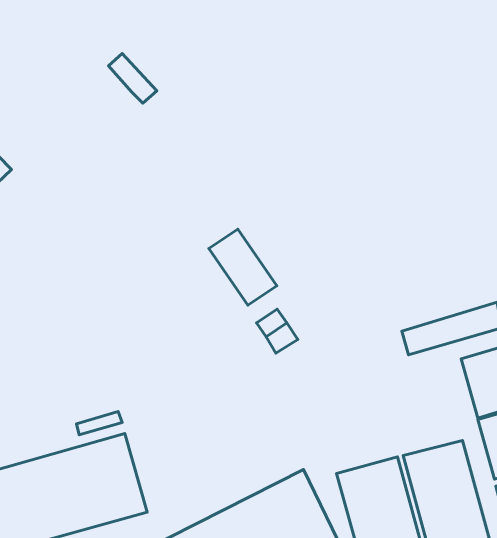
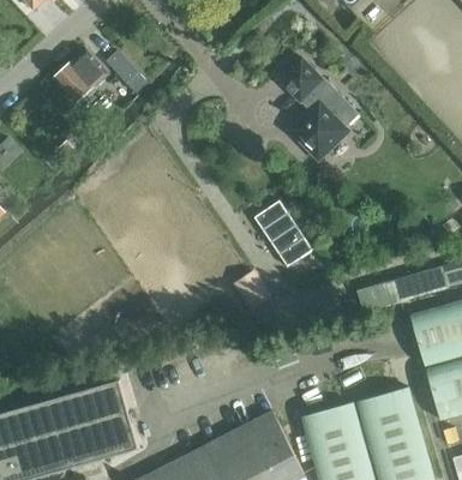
building: none -> [54,50,108,104]
building: none -> [278,59,358,160]
building: [209,229,277,305] -> [253,202,312,268]

